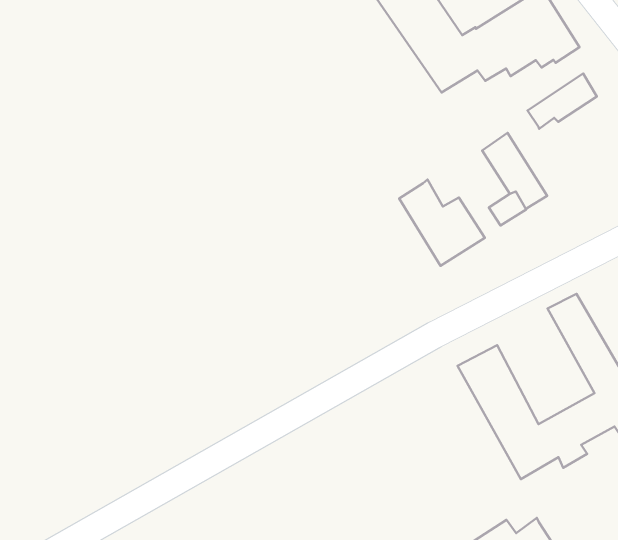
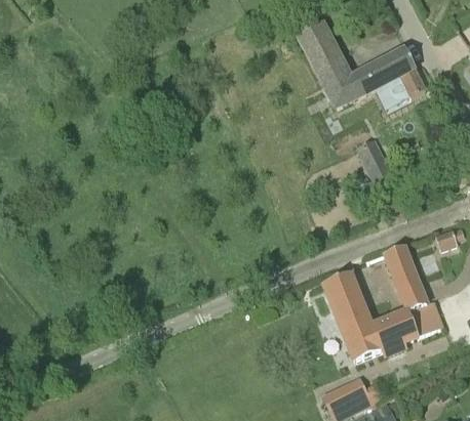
building: [527,74,597,129] -> none
building: [399,179,485,266] -> none

